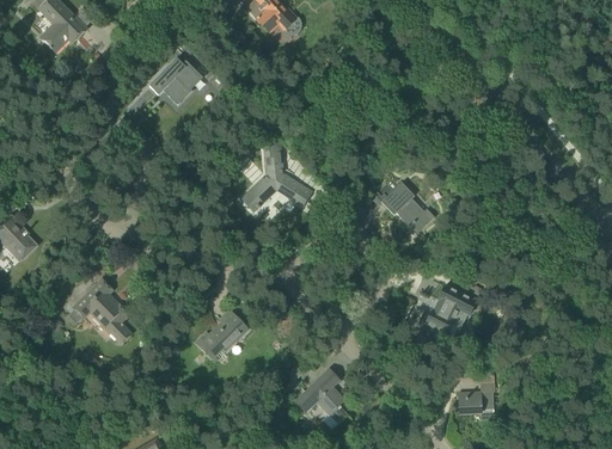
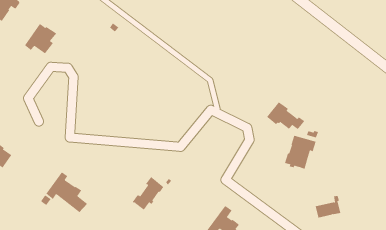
building: [149,57,200,104] -> [24,23,57,55]
building: [241,143,311,209] -> none
building: [380,182,435,227] -> [266,101,305,131]

